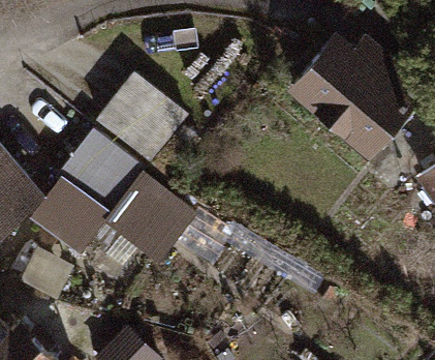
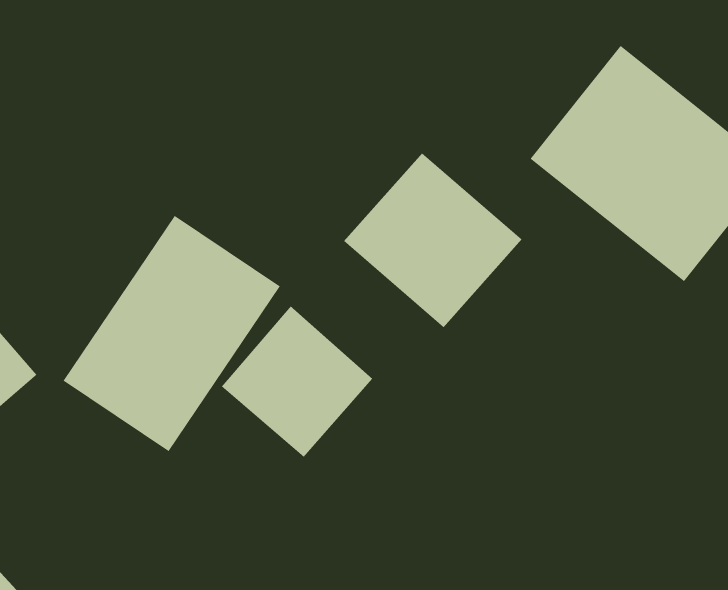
building: [100,71,196,166] -> [343,152,523,328]

